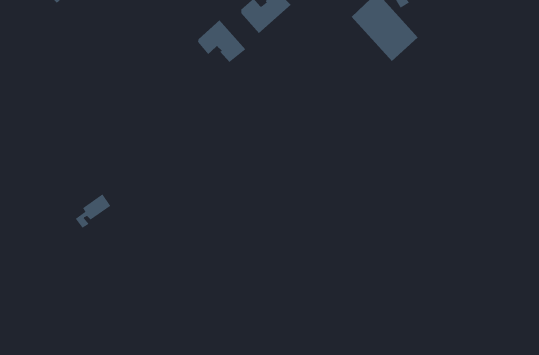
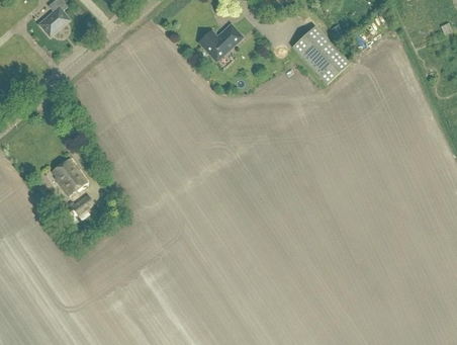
building: [197,19,246,63] -> none
building: none -> [53,158,88,196]

